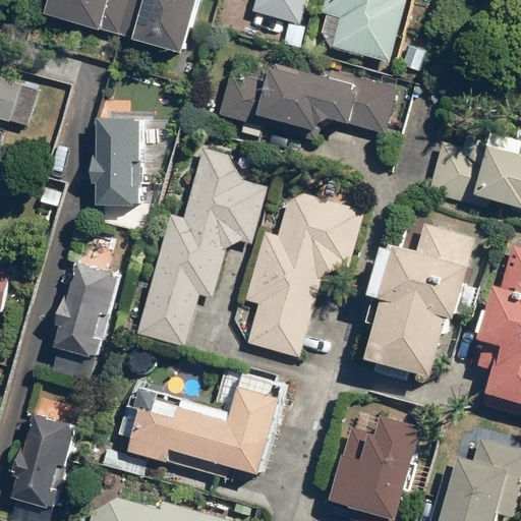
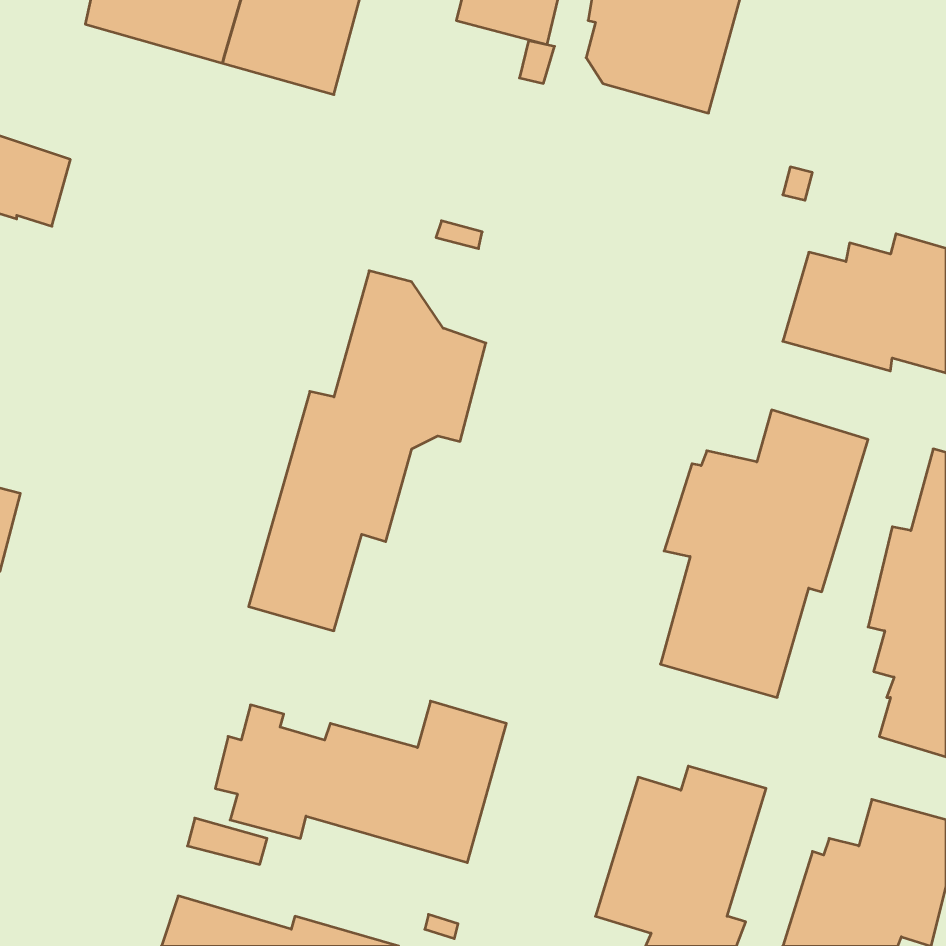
building: [219,62,397,139] -> none
building: [96,117,141,206] -> none
building: [248,191,368,355] -> none
building: [52,266,119,363] -> none
building: [8,417,74,513] -> none

